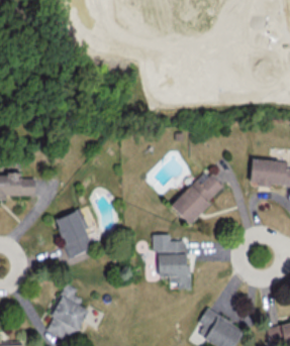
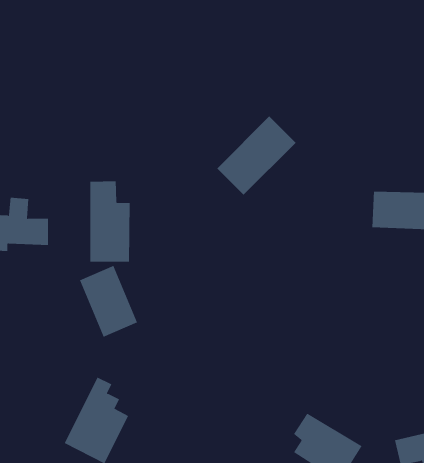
building: none -> [90,180,130,262]
building: [171,170,224,224] -> [217,116,296,196]
building: [153,235,191,290] -> none

